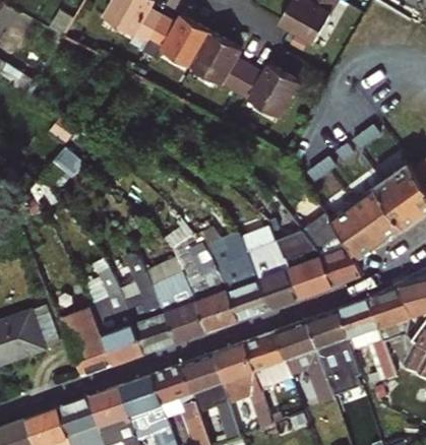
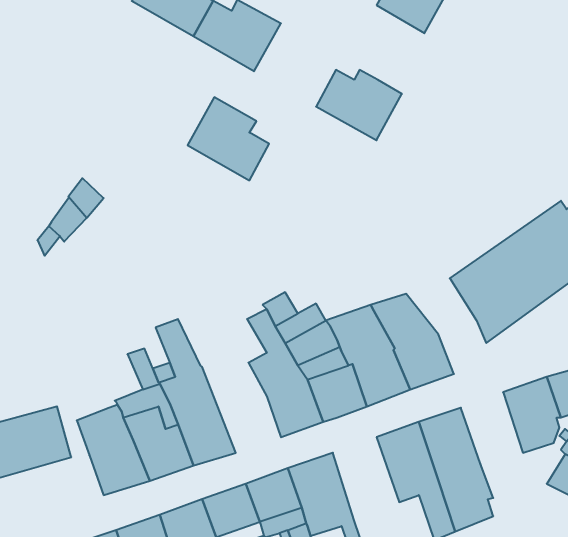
building: [190,33,249,92] -> [188,97,269,180]
building: [300,207,363,285] -> none
building: [153,268,209,342] -> none
building: [340,299,395,380] -> none
building: [247,331,295,391] -> none

